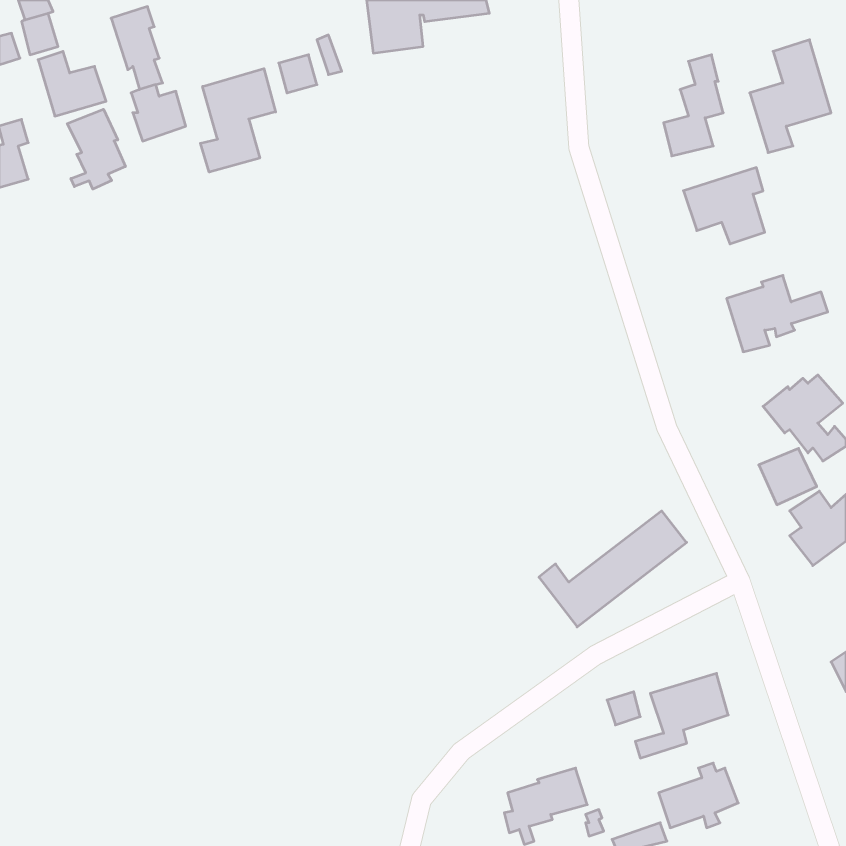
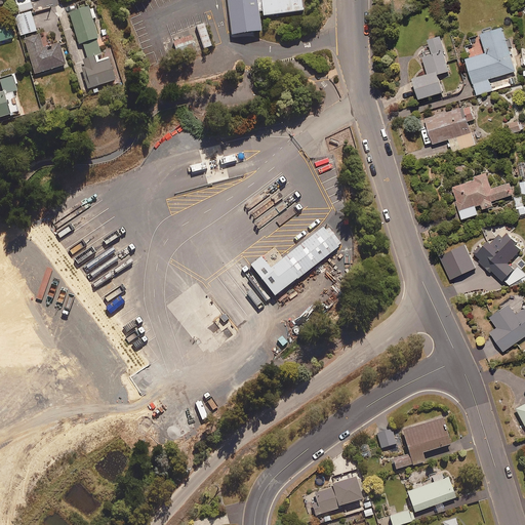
building: [200,69,276,172] -> none
building: [67,109,125,189] -> none
building: [759,448,817,505] -> [438,244,474,279]
building: [539,511,687,627] -> [251,226,342,297]

